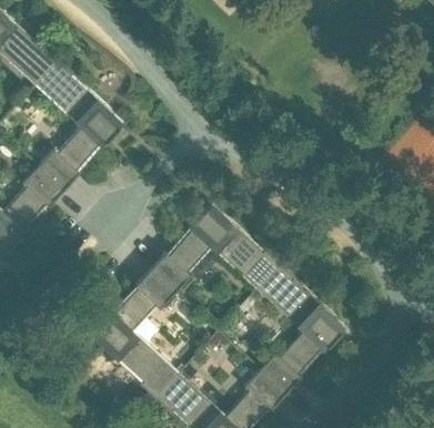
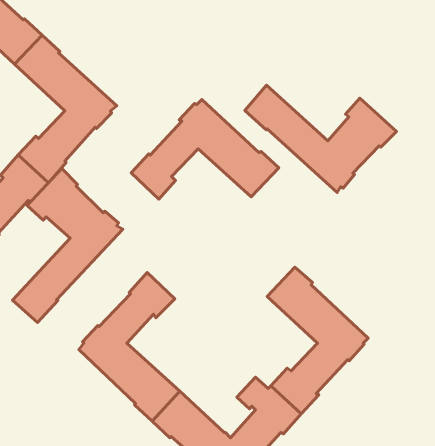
building: none -> [245,85,396,193]
building: none -> [12,169,123,322]
building: [151,204,281,292] -> [131,100,279,199]

